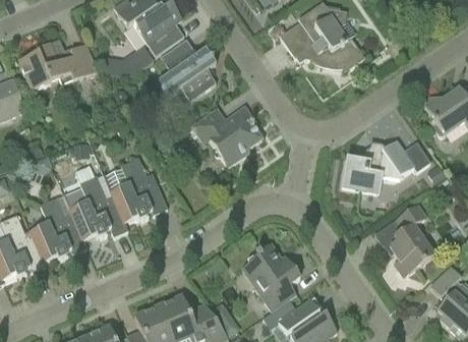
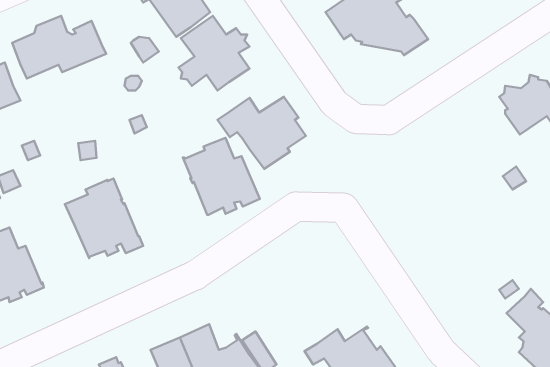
building: [340,139,429,192] -> none
building: [103,158,167,222] -> [183,138,260,215]
building: [30,195,86,262] -> none
building: [389,204,433,277] -> none
building: [241,242,299,311] -> none

